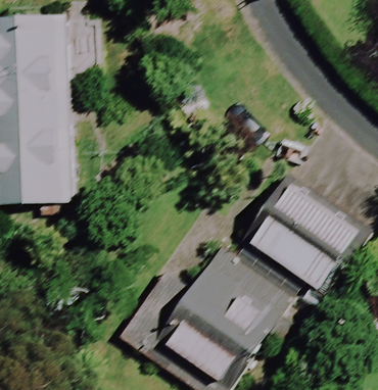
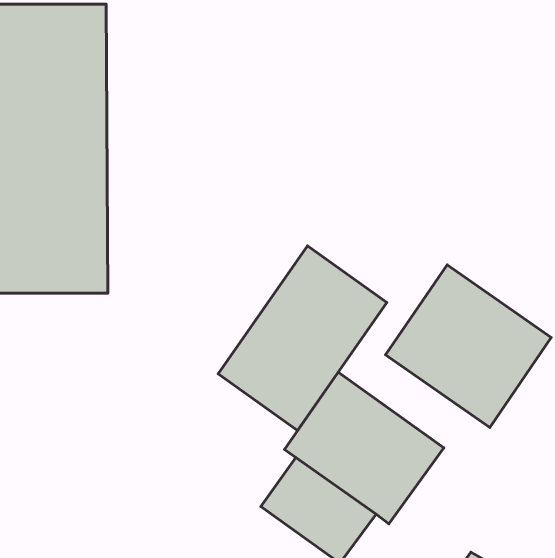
building: none -> [218,246,387,431]

